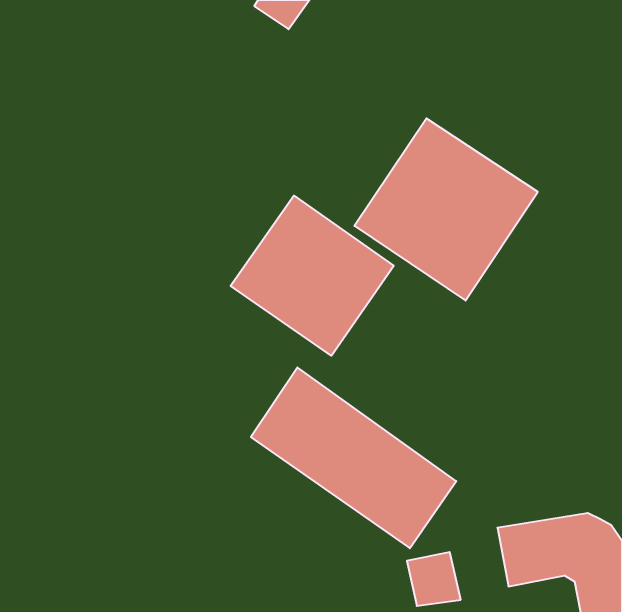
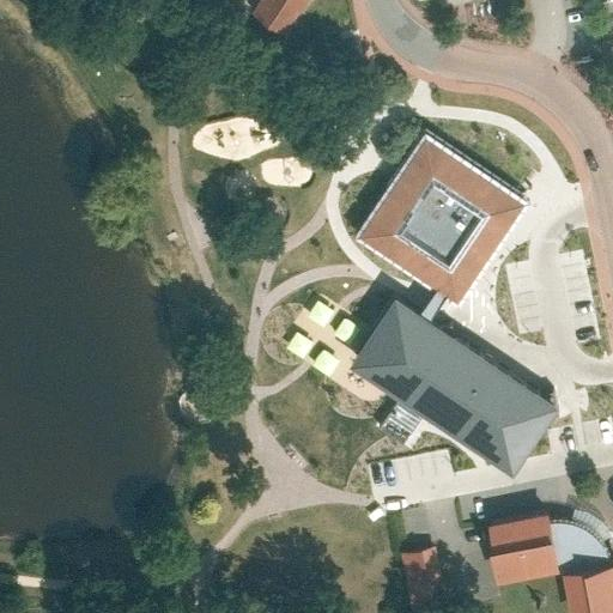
building: [231,196,394,356] -> none
building: [251,367,456,548] -> [354,298,556,475]

